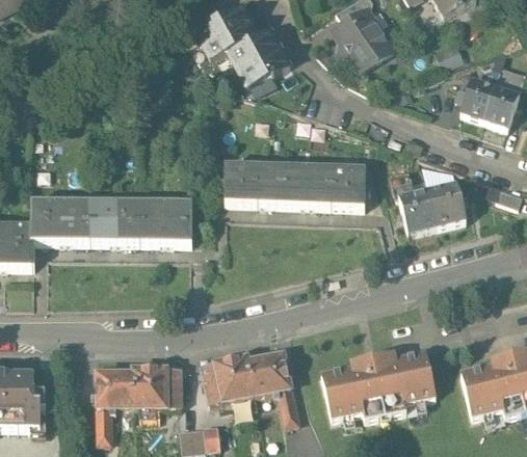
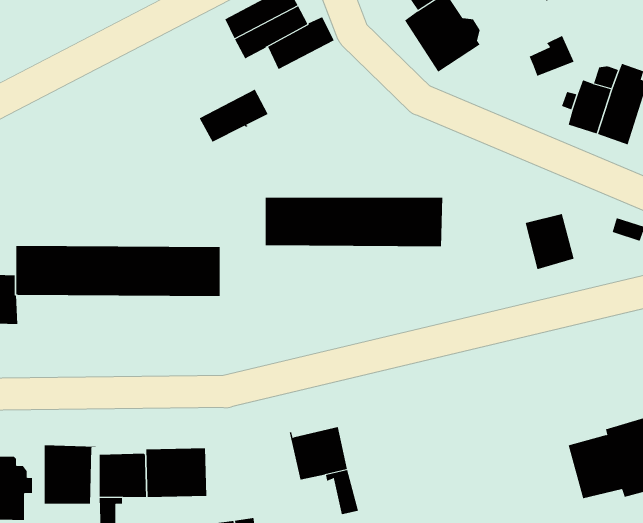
building: [236,49,290,90] -> [199,89,269,142]
building: [390,174,437,234] -> none
building: [321,343,436,410] -> none
building: [201,352,253,399] -> none
building: none -> [44,445,96,505]

